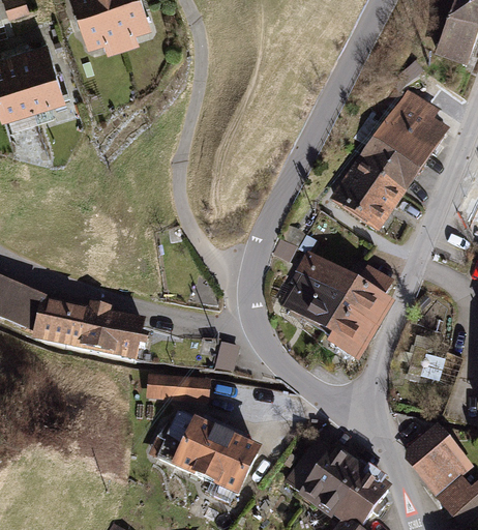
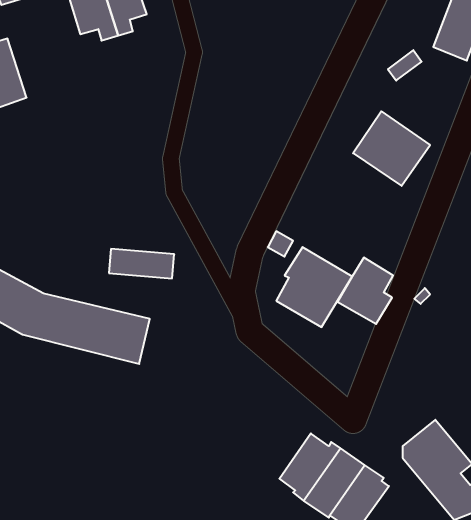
building: [17,35,67,104] -> none
building: [384,84,448,150] -> none
building: [328,158,404,230] -> none
building: [325,304,379,361] -> none
building: [146,372,210,401] -> [109,249,174,278]
building: [168,416,260,497] -> none

